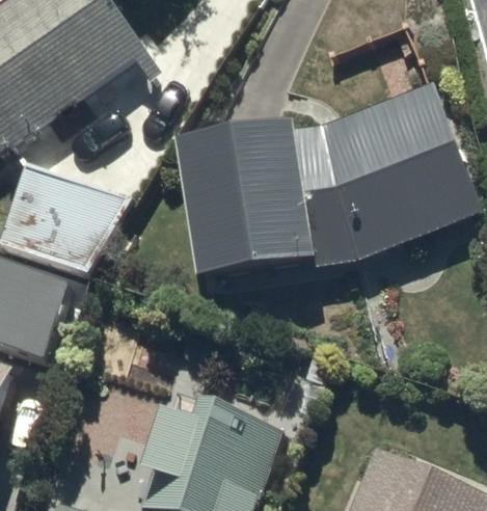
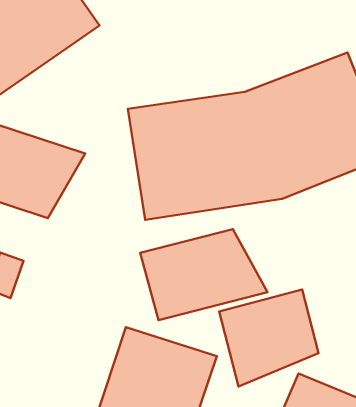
building: none -> [140,229,268,320]
building: none -> [219,290,318,386]

